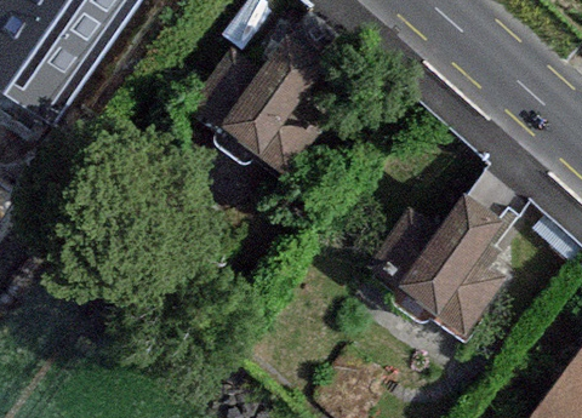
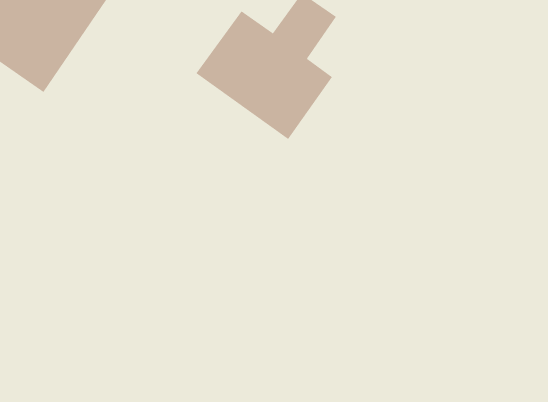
building: [376,196,507,333] -> none

